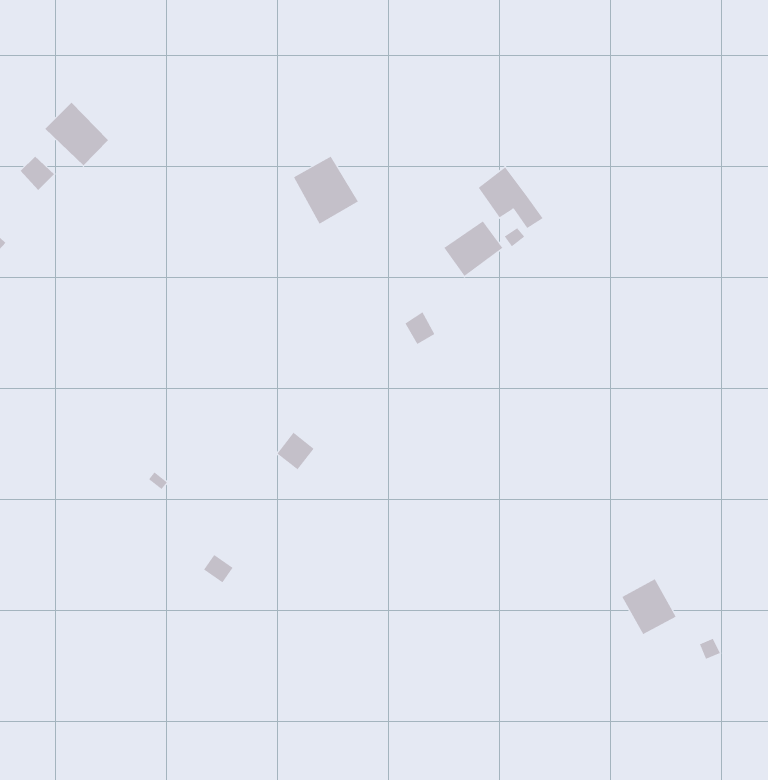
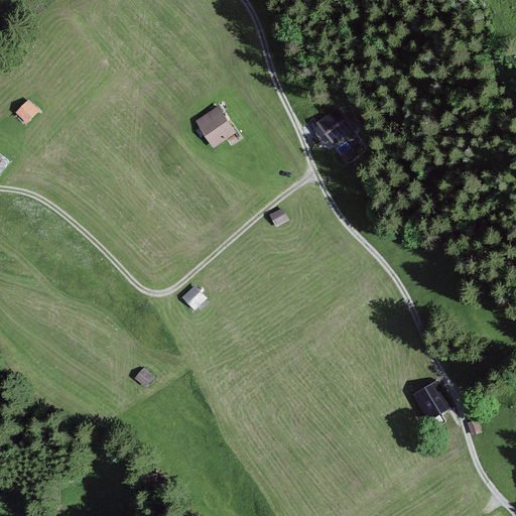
building: [45,102,109,166] -> none
building: [444,221,503,277] -> none

